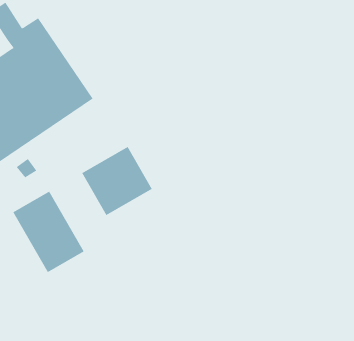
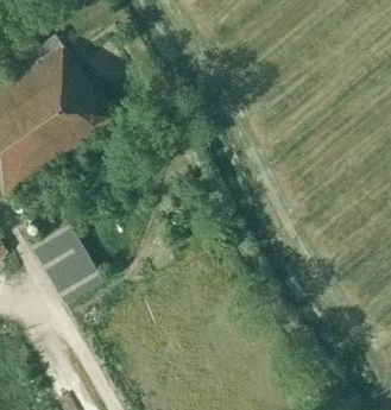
building: [81,146,152,216] -> none

